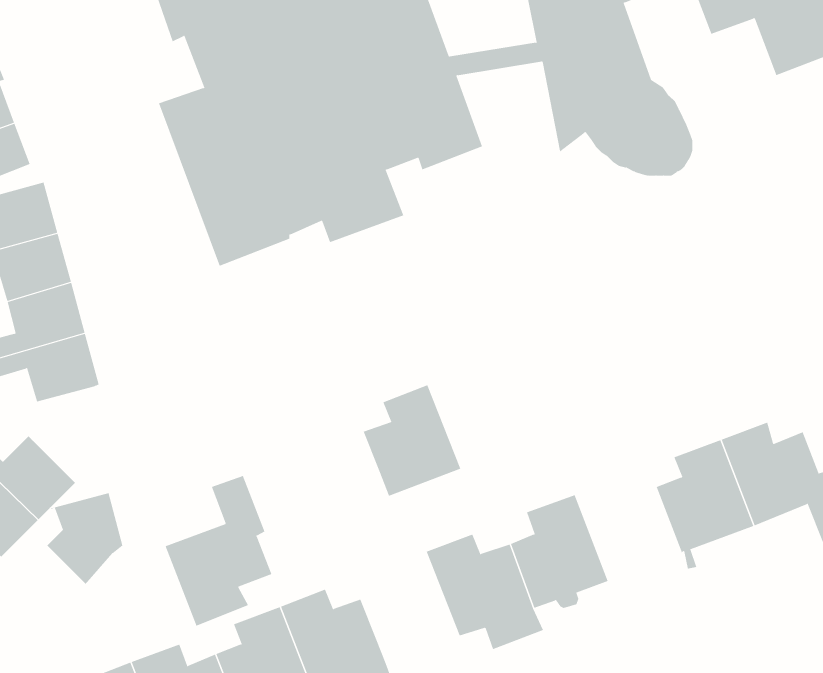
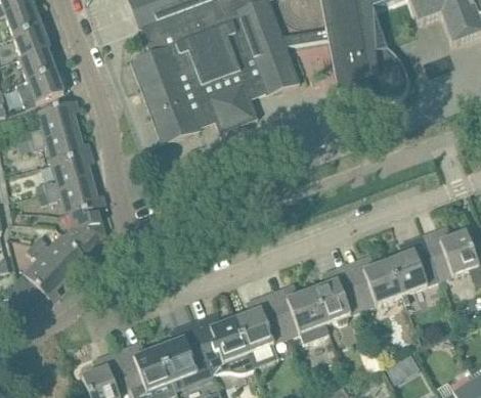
building: [363,384,461,496] -> [235,293,287,351]
building: [165,475,272,627] -> none
building: none -> [347,254,402,308]
building: [46,492,123,585] -> [64,207,104,255]

